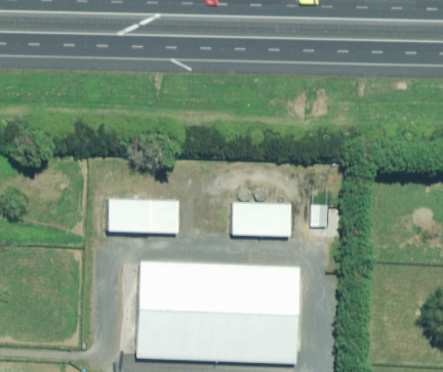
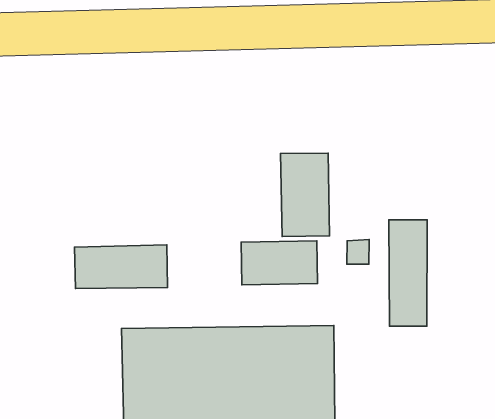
building: none -> [281,153,330,236]
building: none -> [389,220,427,326]

